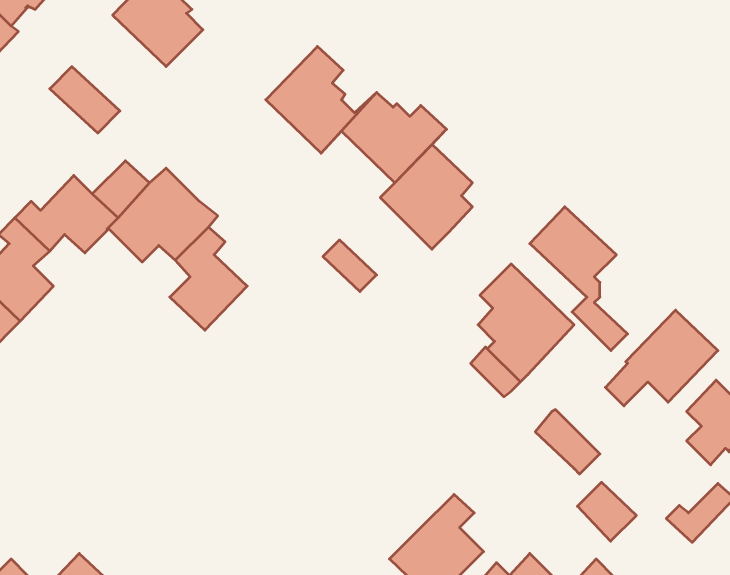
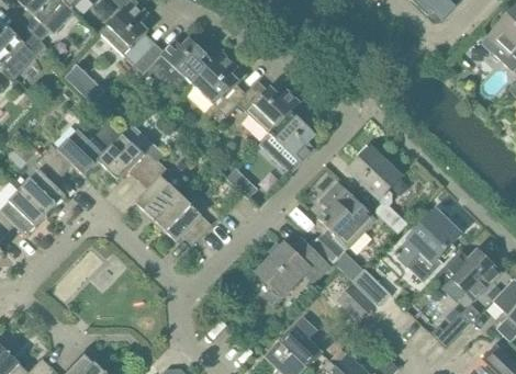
building: none -> [133,37,223,86]
building: none -> [156,194,212,243]
building: none -> [257,238,328,295]
building: [577,482,636,541] -> [339,284,374,319]

